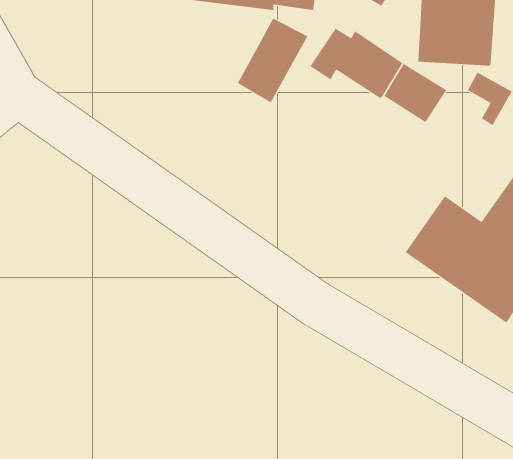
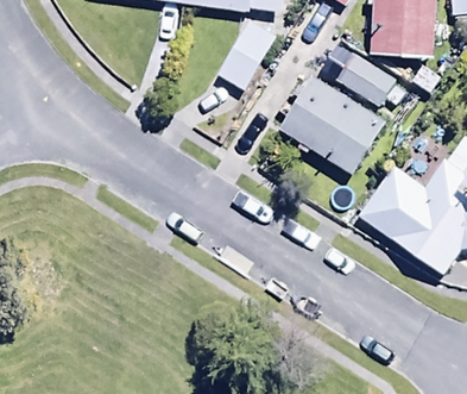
building: none -> [278,75,385,177]

